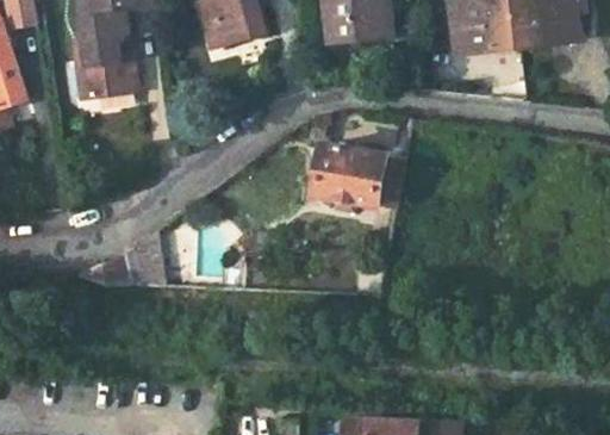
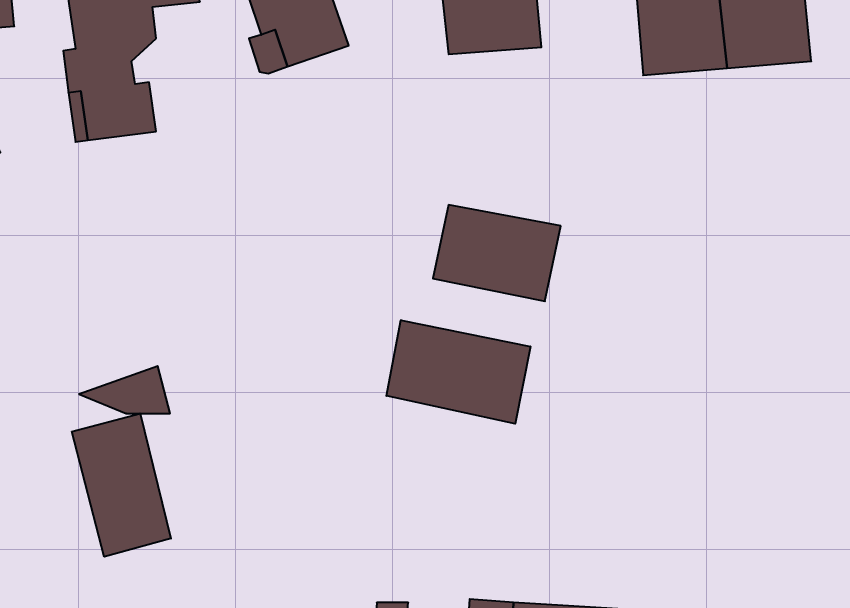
building: none -> [386,320,530,424]
building: none -> [72,413,171,557]

